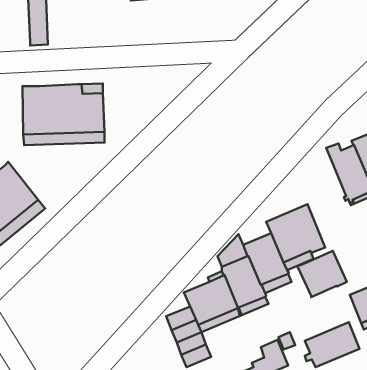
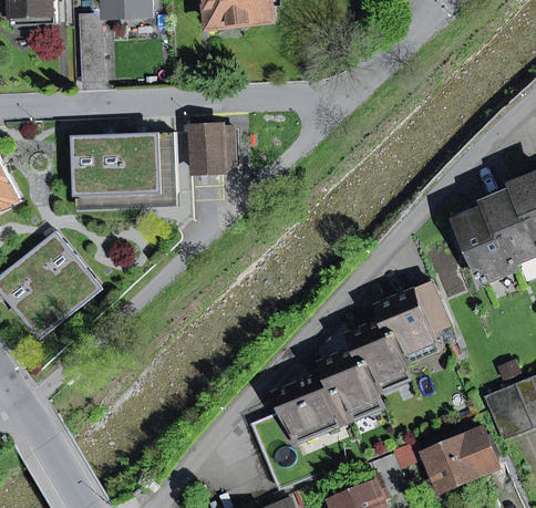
building: none -> [193,126,234,173]
building: [298,251,347,297] -> none

